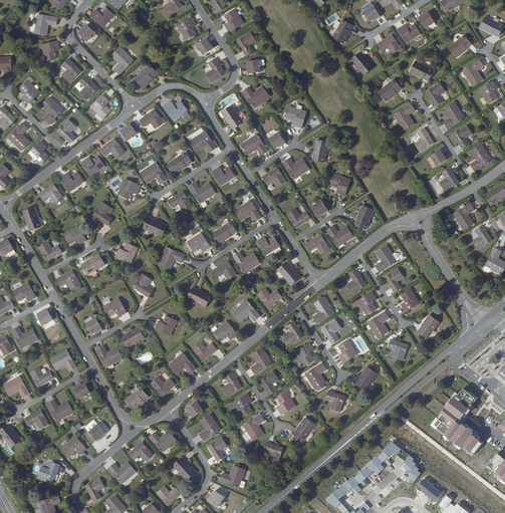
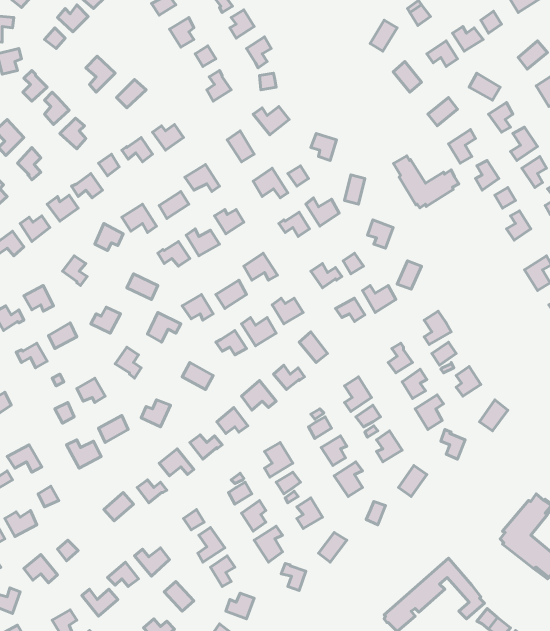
building: none -> [393,156,459,208]

